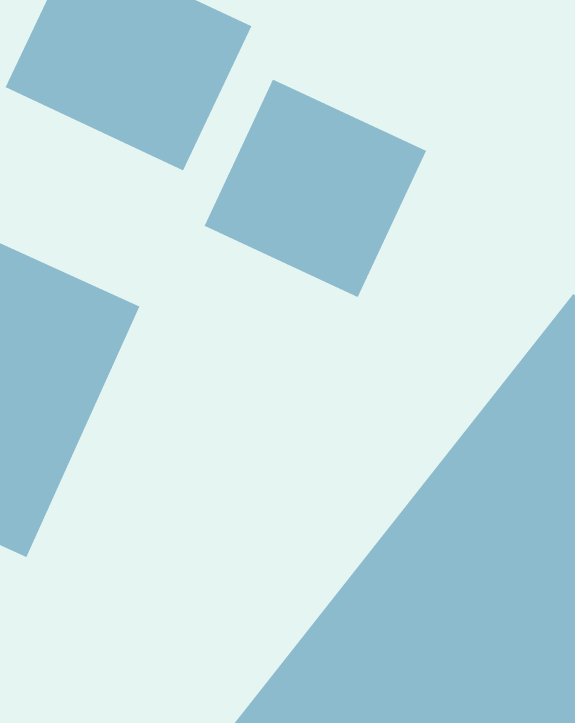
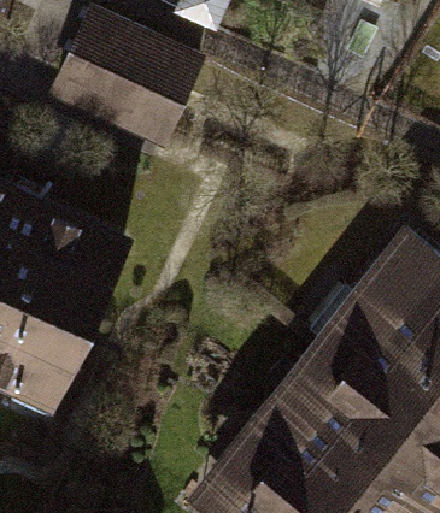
building: [203,79,427,298] -> none

